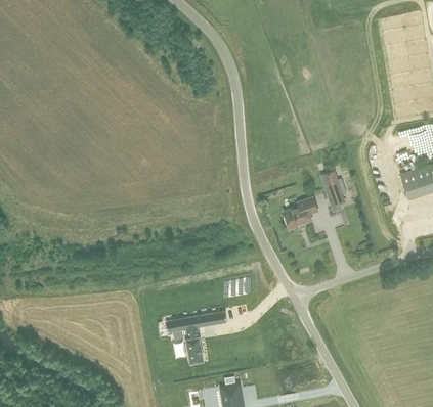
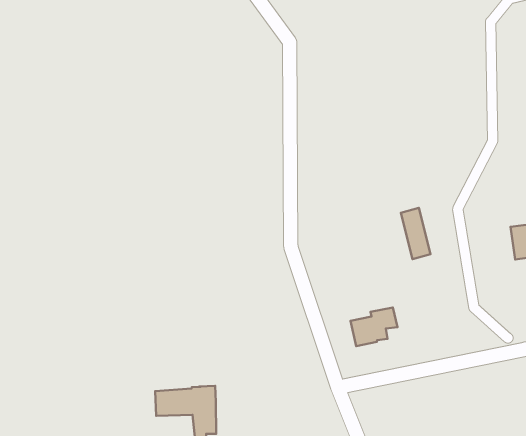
building: [284,200,317,231] -> [351,308,398,346]

